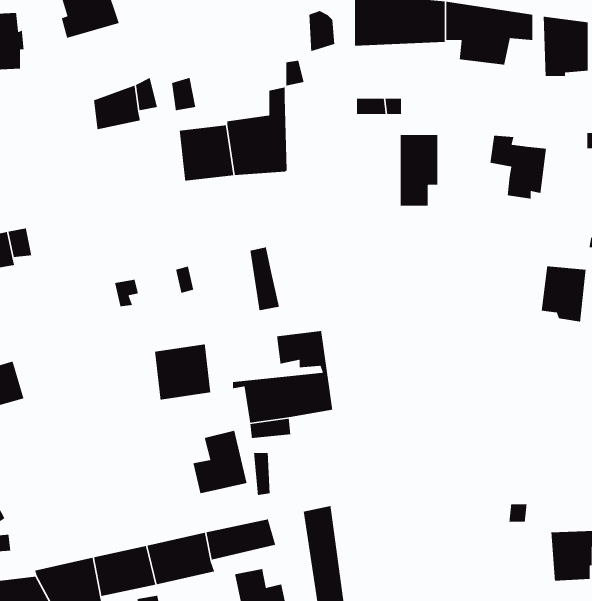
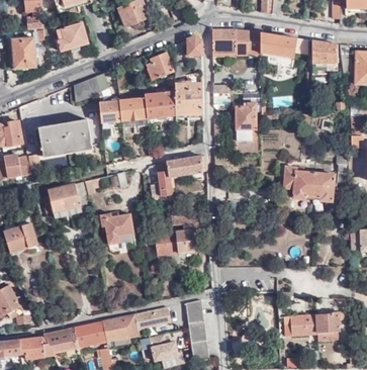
building: none -> [149,53,174,79]
building: none -> [176,82,204,121]
building: none -> [99,94,122,129]
building: [490,135,547,199] -> [284,165,314,199]
building: none -> [39,118,92,152]
building: none -> [166,154,207,176]
building: none -> [38,184,82,216]
building: [193,430,247,494] -> none
building: none -> [284,313,316,334]

